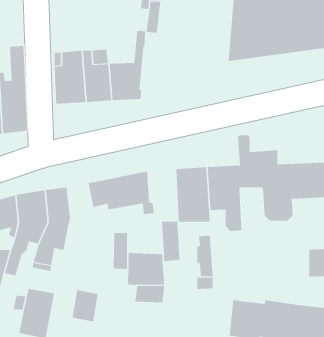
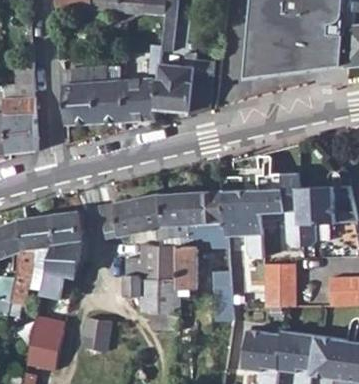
building: none -> [154,52,213,115]
building: none -> [162,192,193,239]
building: none -> [141,243,178,282]
building: none -> [263,263,295,306]

